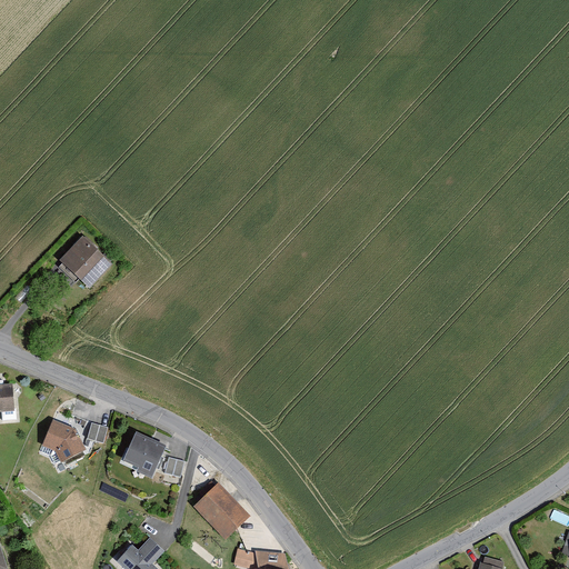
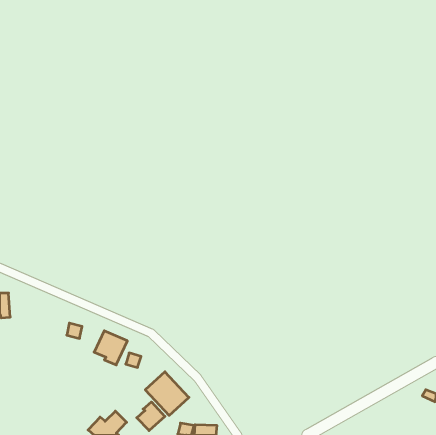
building: [63,240,112,289] -> none
building: [41,418,86,461] -> none
building: none -> [137,402,165,431]

